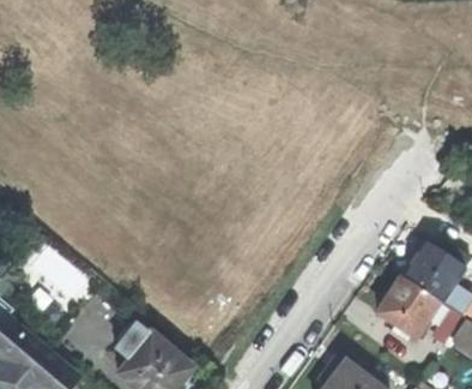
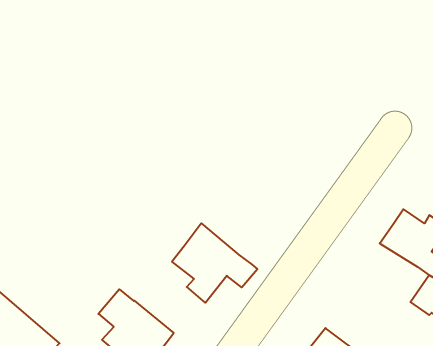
building: none -> [172,223,257,303]
building: [380,276,441,337] -> none

